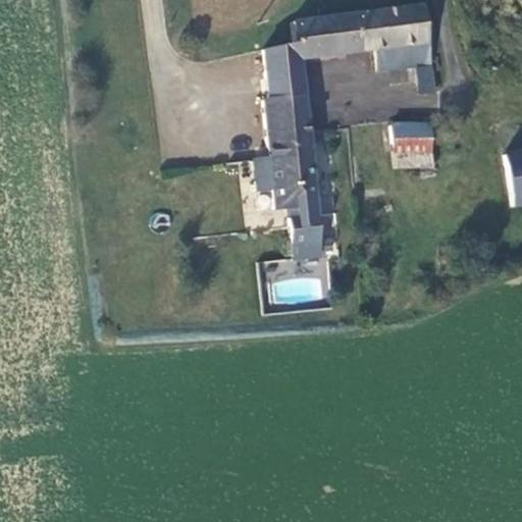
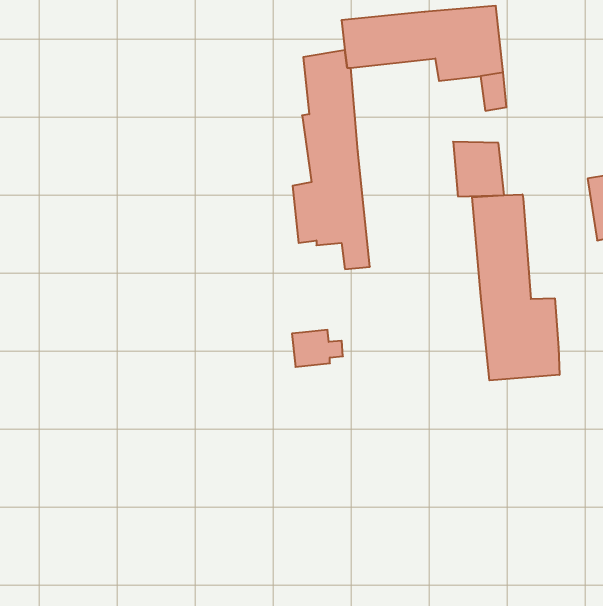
building: none -> [472,194,559,380]
building: [291,228,334,260] -> [292,330,343,367]

